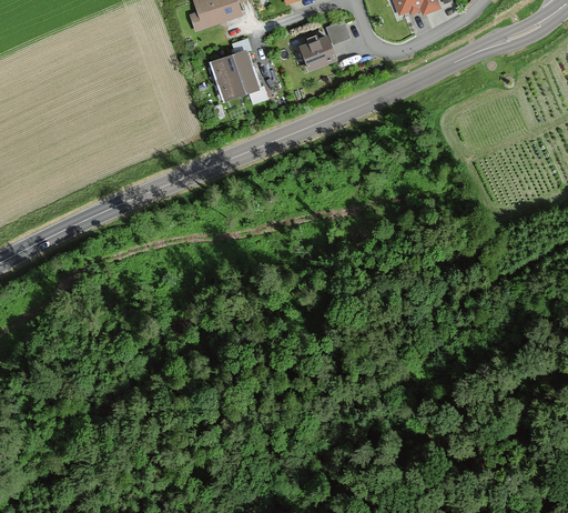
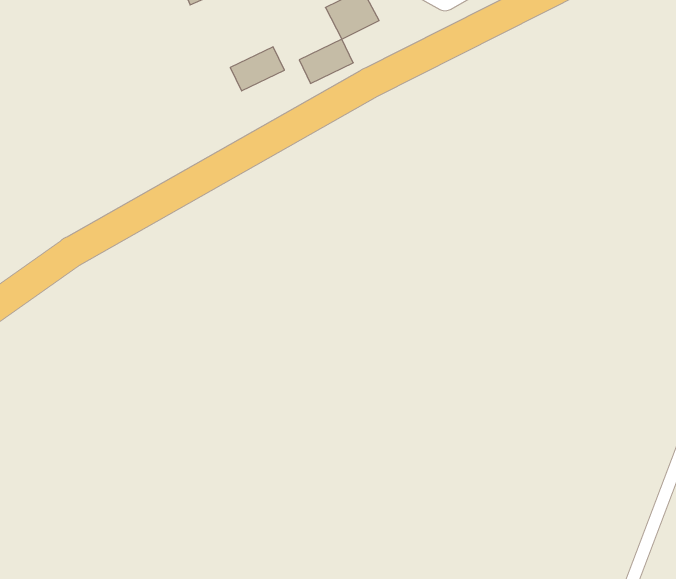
building: [212,50,253,81] -> [299,39,353,83]

